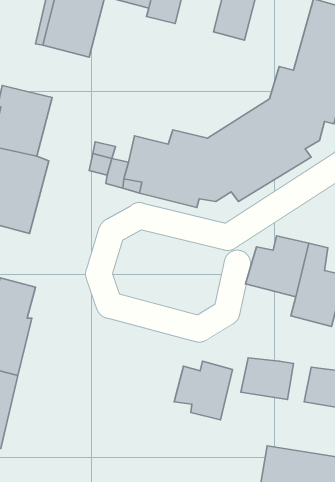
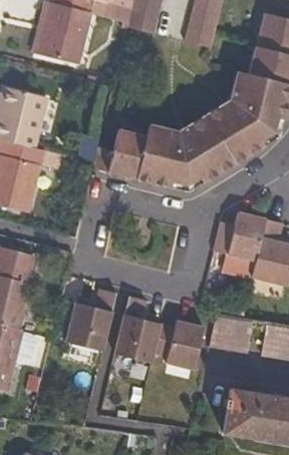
building: none -> [65,288,117,351]
building: none -> [113,296,160,363]

